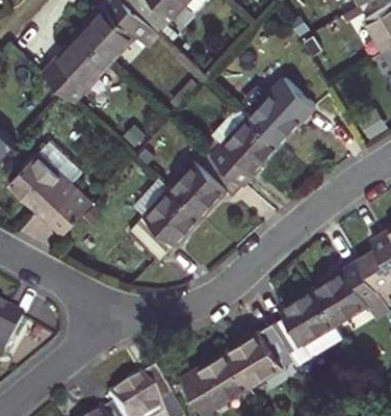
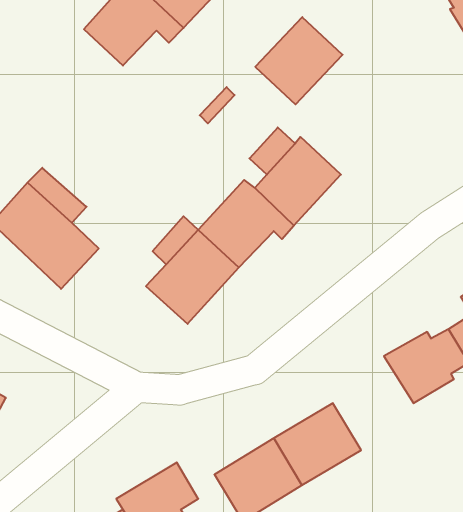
building: [44,34,110,102] -> none
building: [247,79,315,147] -> [255,17,343,104]
building: [272,287,342,365] -> none

